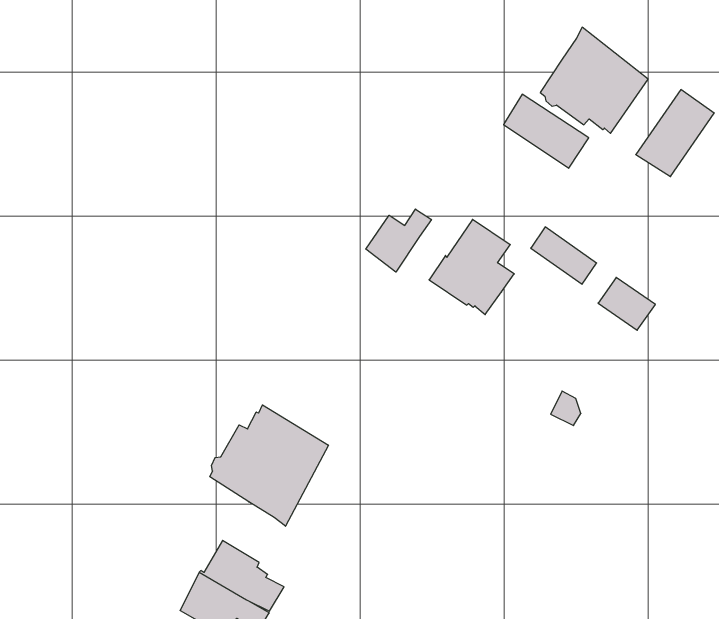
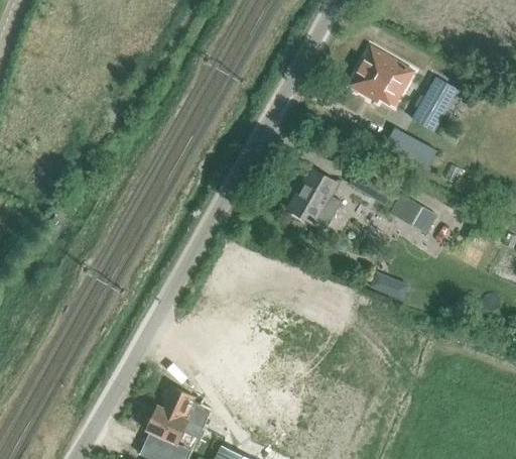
building: [504,94,589,168] -> [384,127,438,171]
building: [366,209,431,272] -> none
building: [210,405,328,526] -> none

